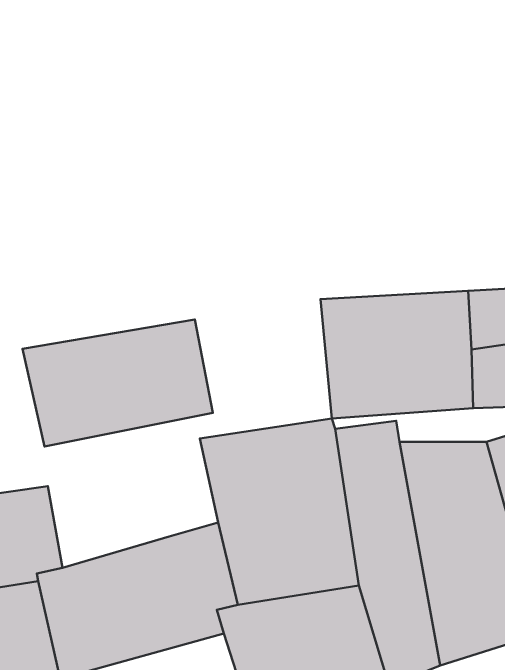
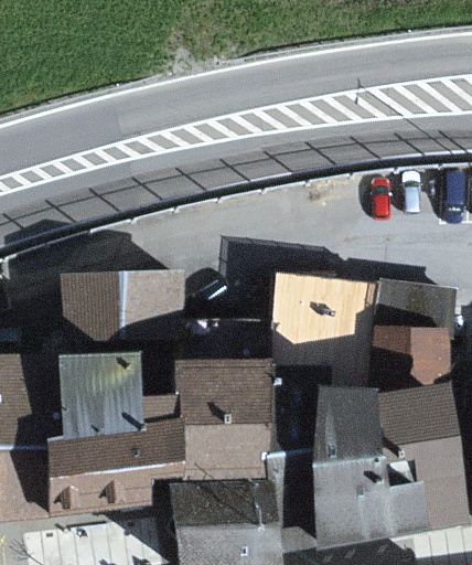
building: none -> [62,370,142,434]

